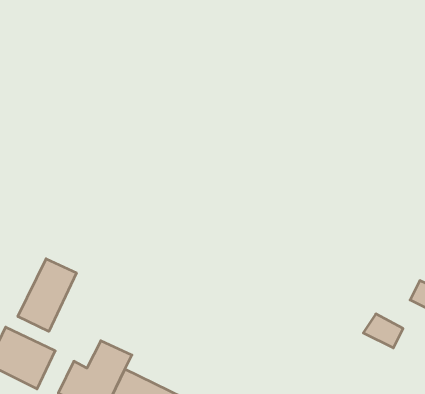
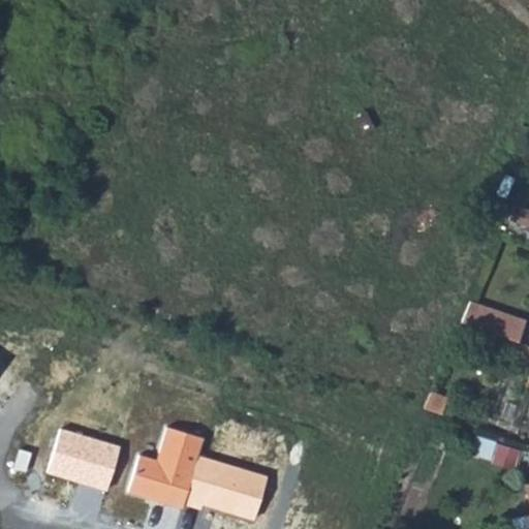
building: [18,259,76,331] -> none
building: [363,314,403,348] -> [461,299,503,333]

